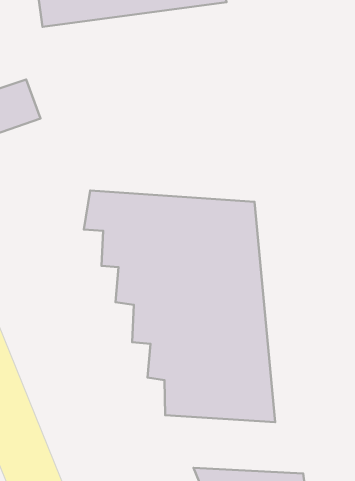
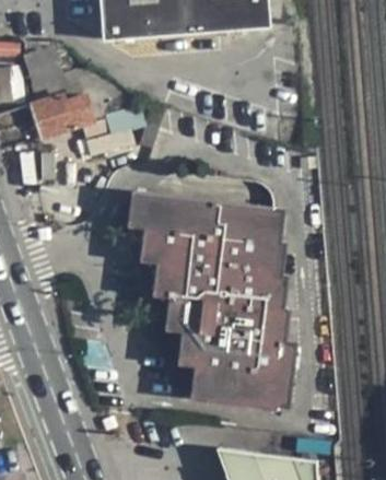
building: none -> [82,109,139,154]

